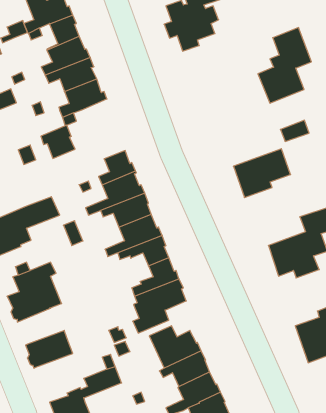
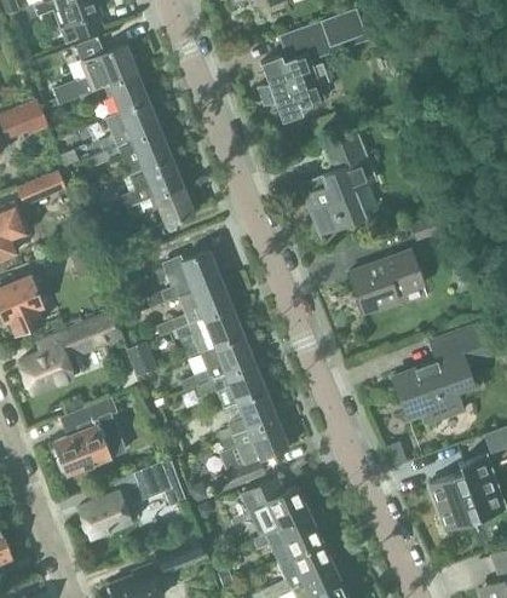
building: [258,28,311,103] -> [306,136,376,235]
building: [41,125,75,158] -> [150,184,195,228]
building: none -> [134,460,186,506]

